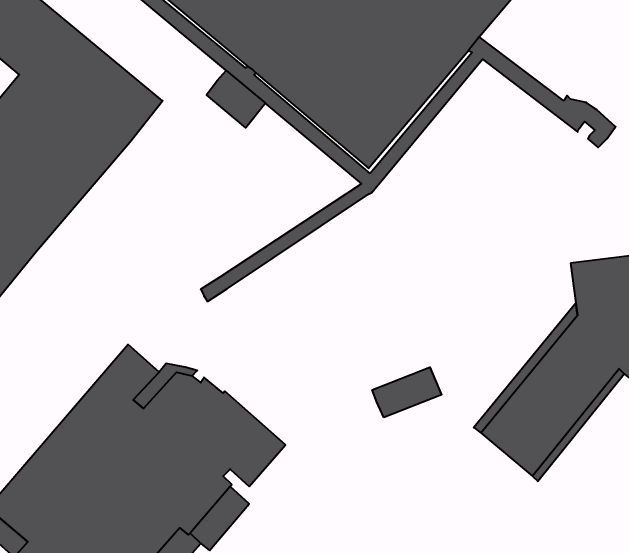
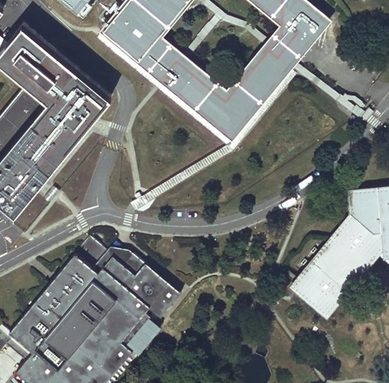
building: [207,70,265,128] -> none
building: [372,367,442,417] -> none

